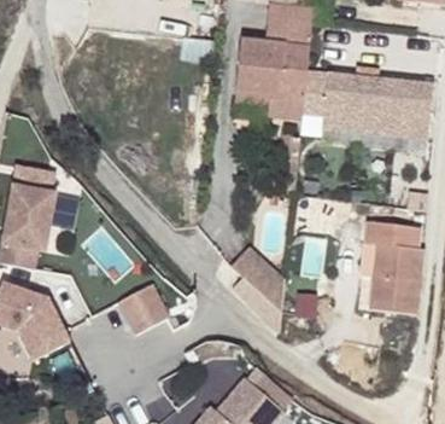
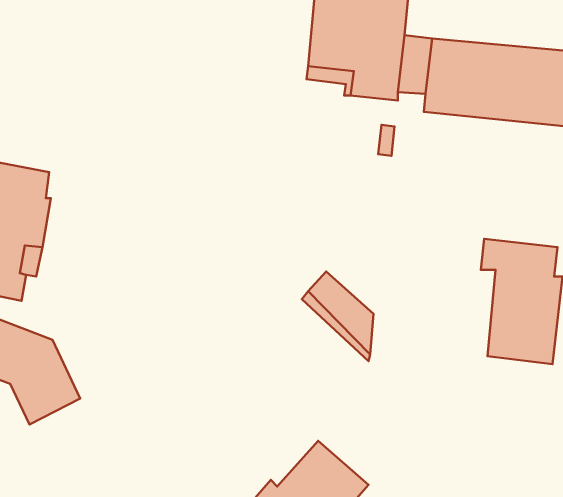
building: [116,284,166,335] -> none

